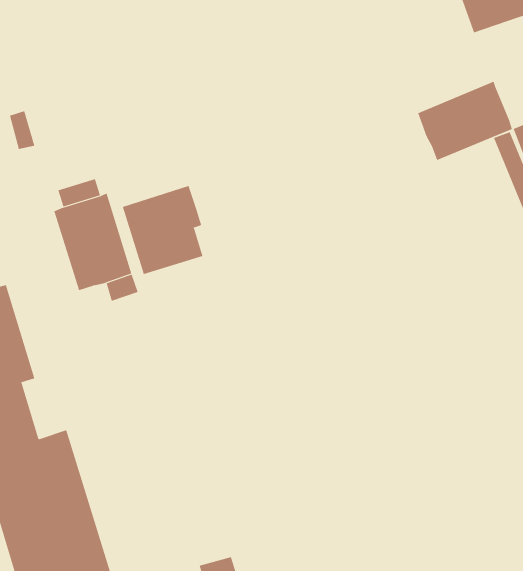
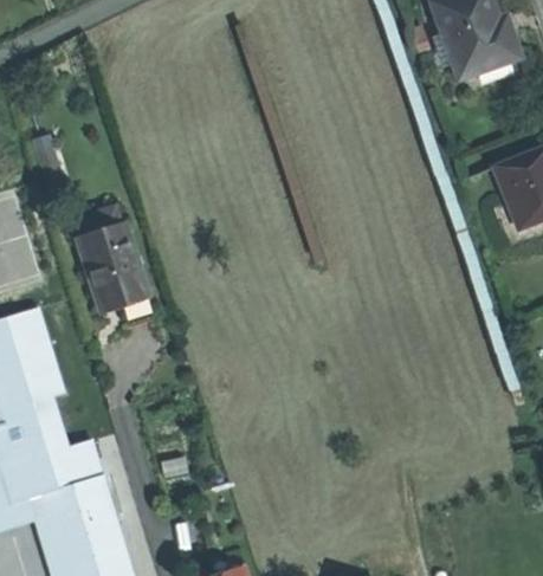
building: [417,81,513,161] -> none
building: [122,185,203,275] -> none

